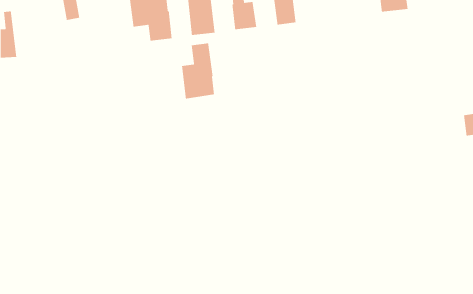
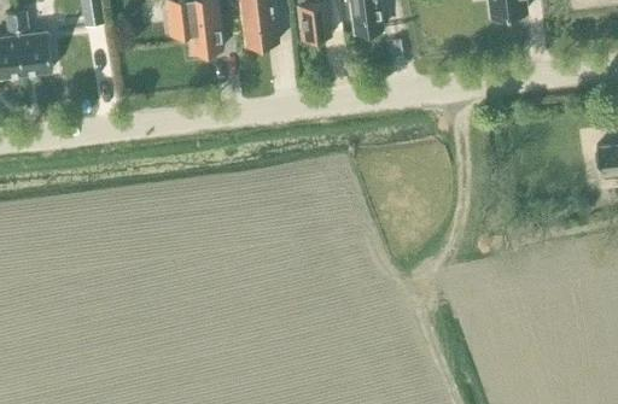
building: none -> [16,13,51,75]
building: [181,43,215,100] -> none

